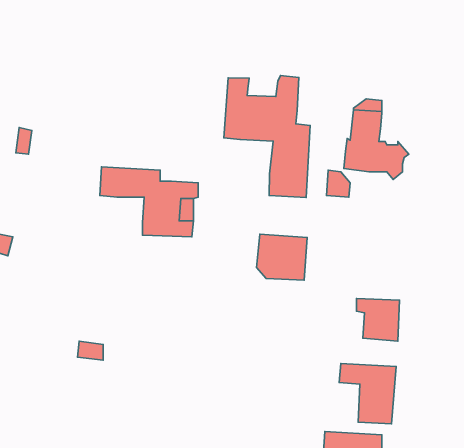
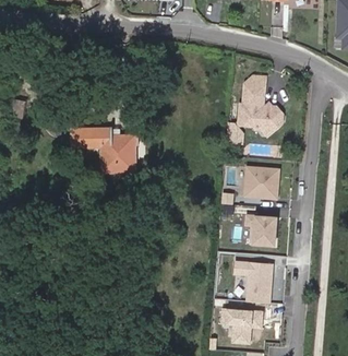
building: [224,75,310,197] -> none
building: [257,234,307,280] -> [245,166,280,198]

